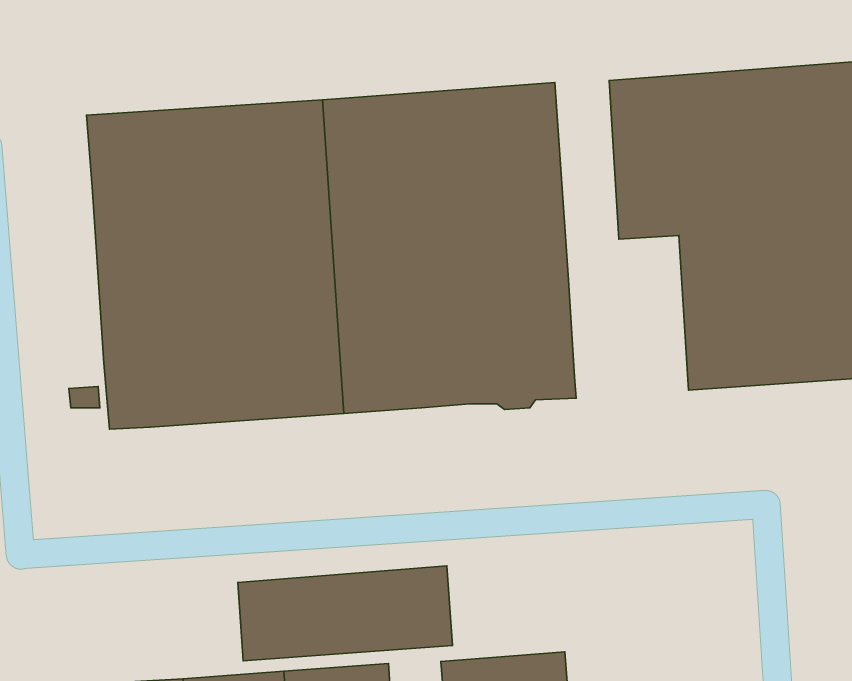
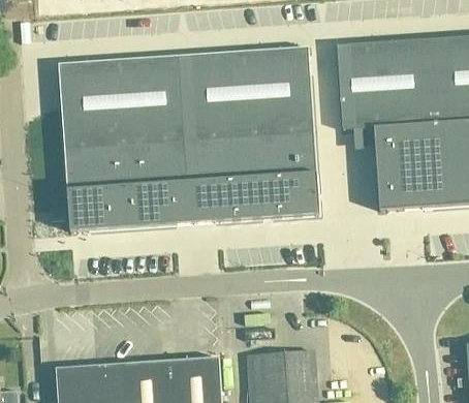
building: [238,566,452,661] -> none

